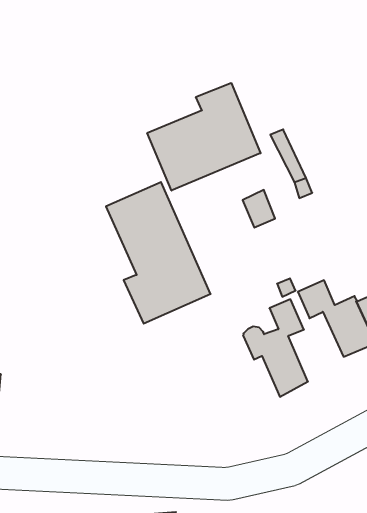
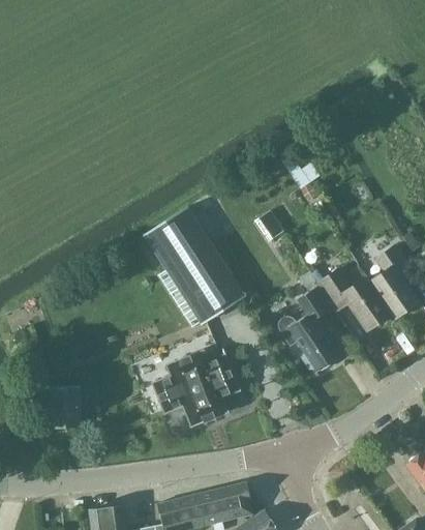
building: [147,83,261,191] -> none
building: none -> [153,350,240,428]

